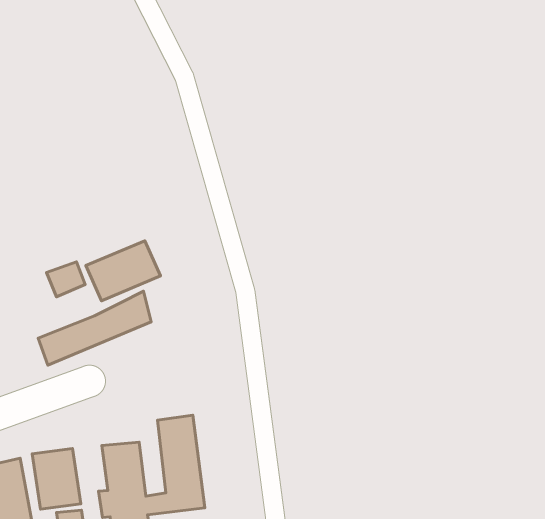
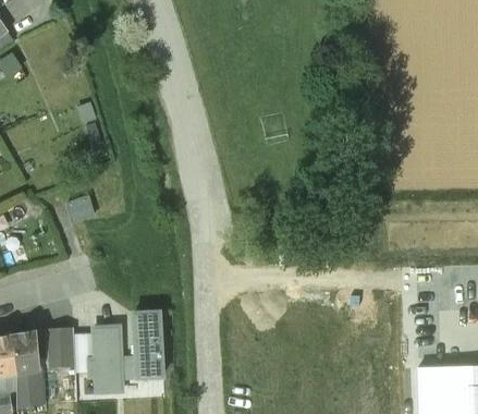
building: [86,241,160,301] -> none
building: [38,291,151,365] -> none

